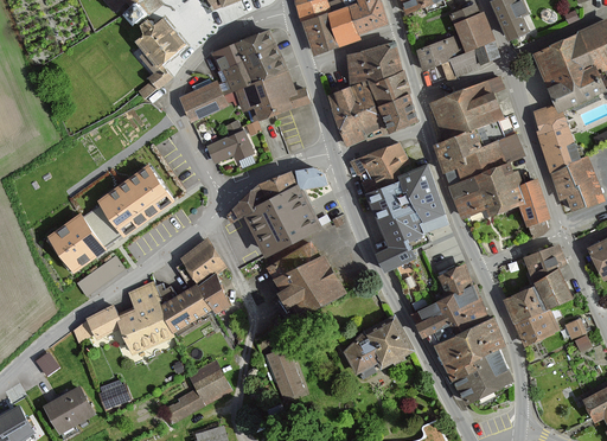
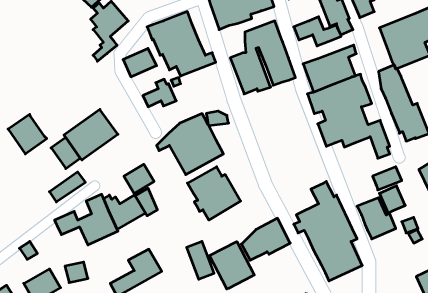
building: [353,143,449,271] -> none
building: [50,217,103,271] -> [8,114,47,154]
building: none -> [209,242,254,289]

